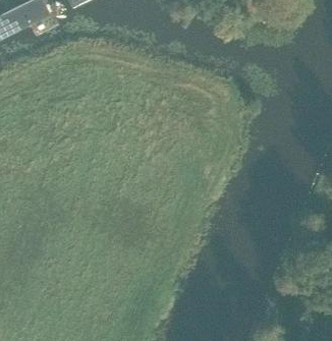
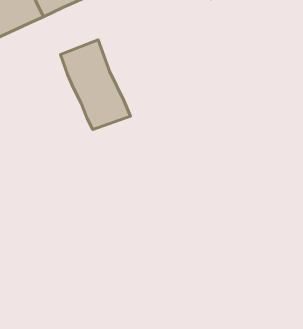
building: none -> [61,40,131,129]

